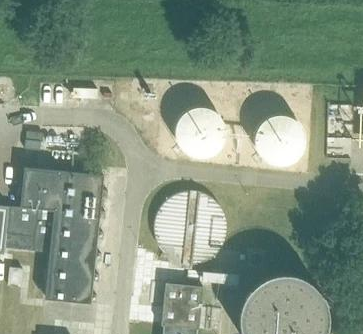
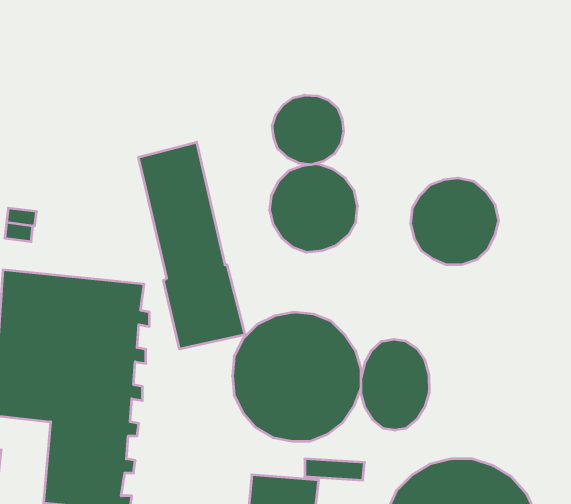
building: none -> [272,95,344,165]
building: none -> [139,142,245,349]
building: none -> [361,339,429,430]

